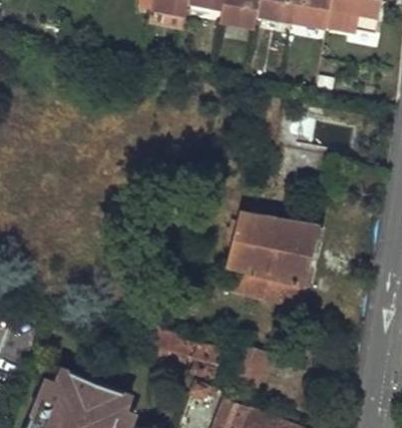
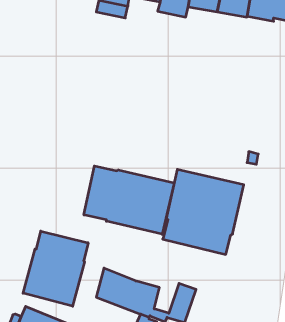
building: none -> [84,166,174,234]
building: none -> [23,231,88,306]

